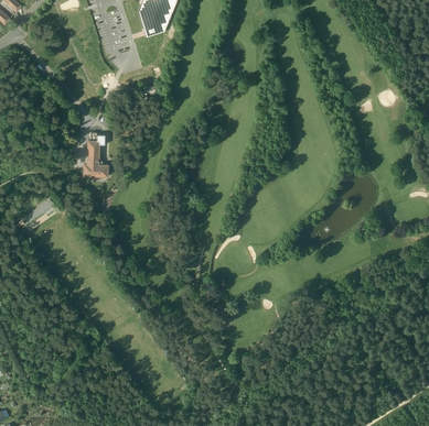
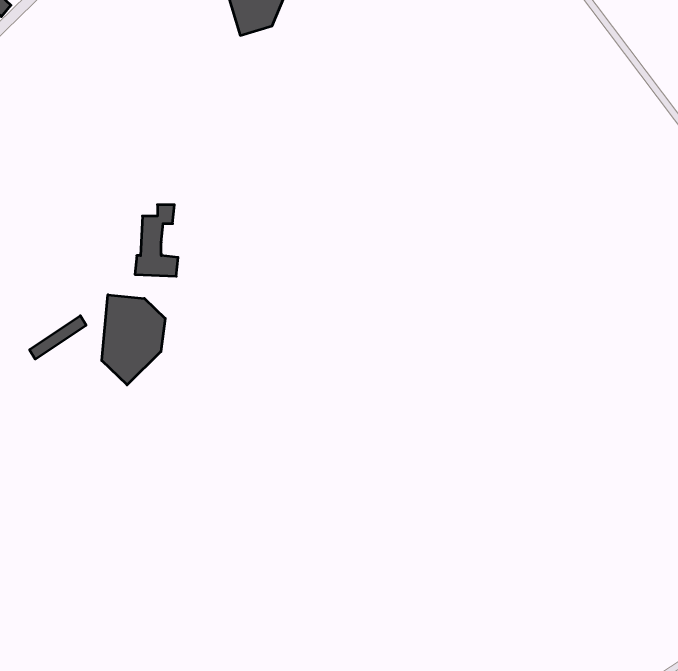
building: none -> [102,295,165,385]

